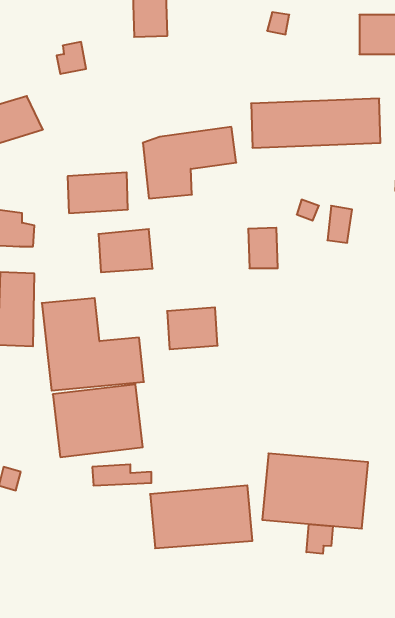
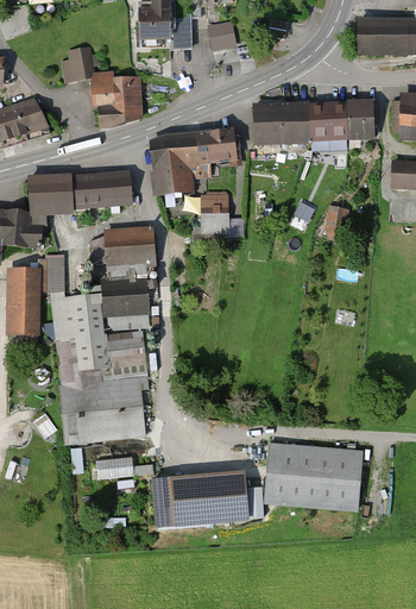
building: none -> [174,13,193,44]
building: none -> [208,15,235,43]
building: none -> [92,73,140,124]
building: none -> [30,175,75,213]
building: [248,228,278,268] -> [200,193,228,232]
building: none -> [48,251,64,290]
building: [167,307,218,349] -> [101,278,150,319]
building: [306,524,333,554] -> none

